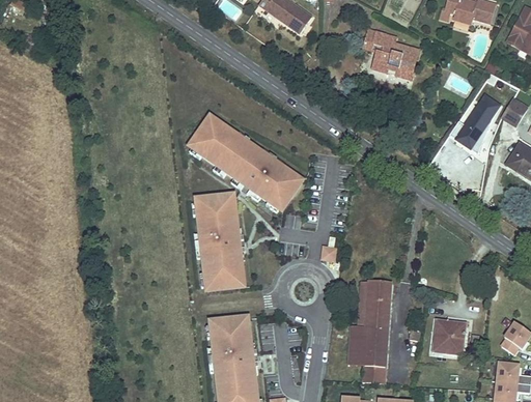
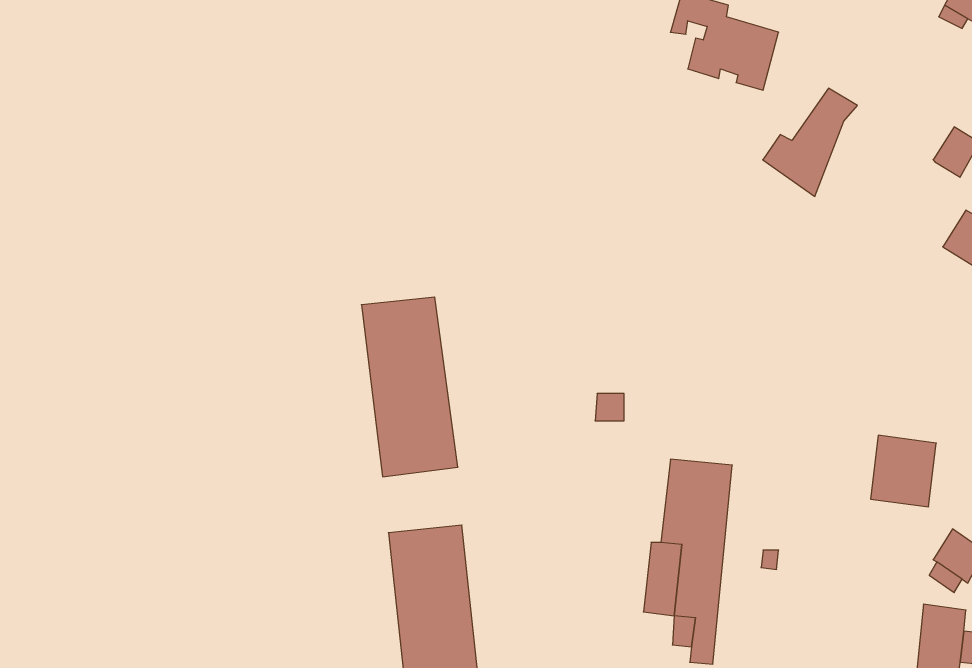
building: [451,99,502,157] -> [763,88,857,196]
building: [189,114,304,209] -> none
building: [432,318,468,356] -> [871,435,936,507]

